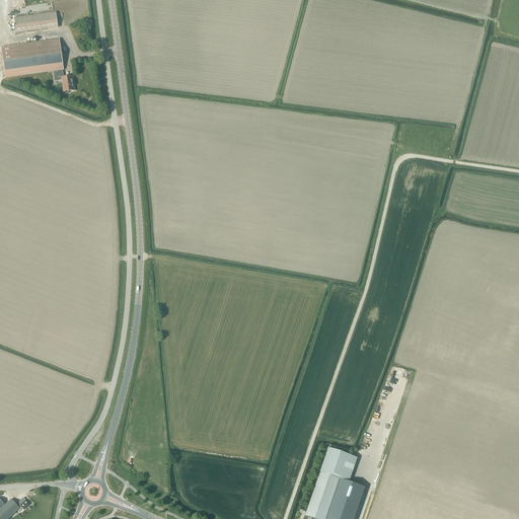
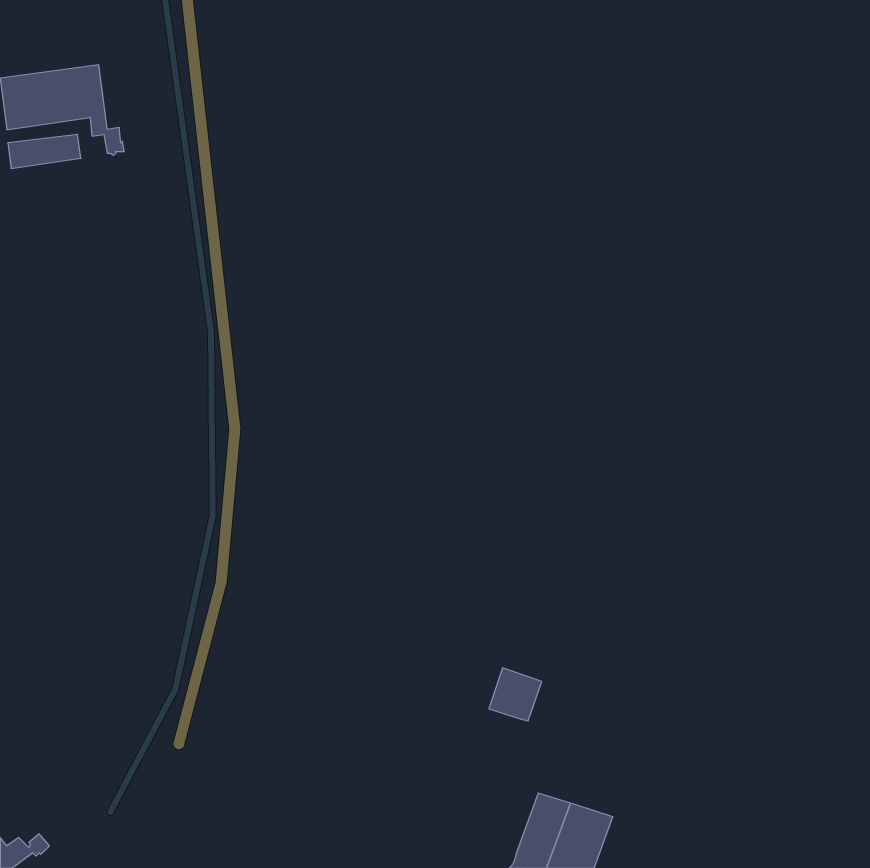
building: [14,12,58,32] -> [8,134,81,169]
building: [320,448,352,479] -> [489,668,542,721]

